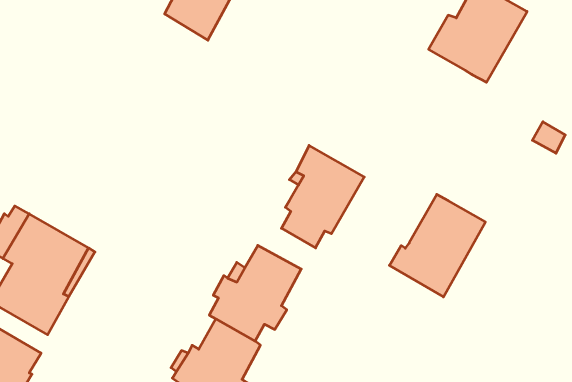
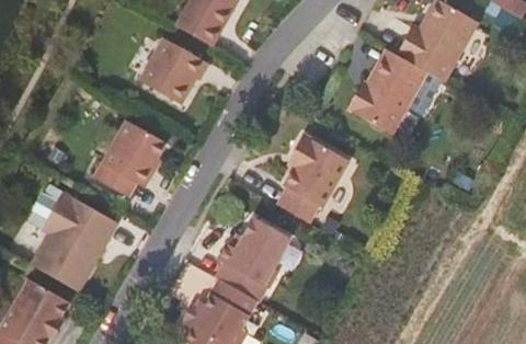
building: none -> [139,36,209,104]
building: none -> [91,118,163,194]
building: [389,194,485,297] -> [347,48,427,134]

